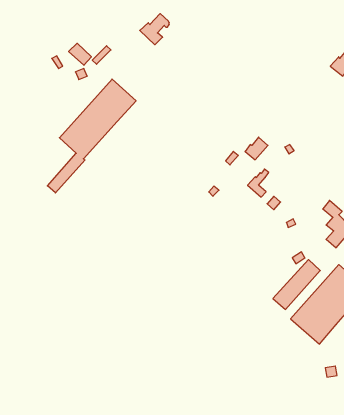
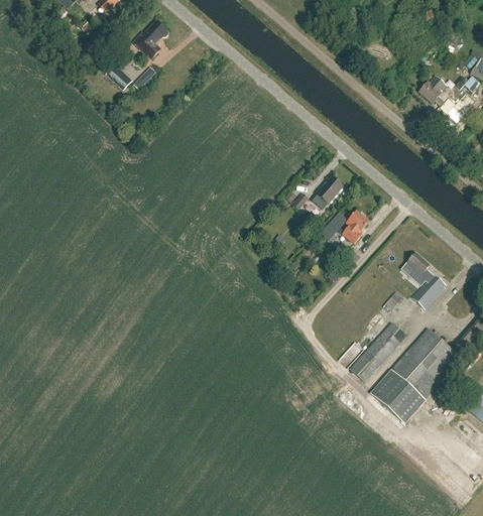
building: [140,14,169,45] -> [132,20,167,57]
building: [47,79,136,193] -> none
building: none -> [343,211,370,243]

